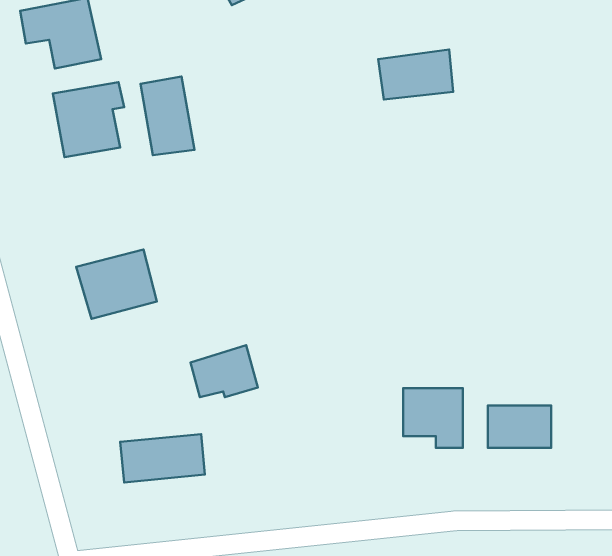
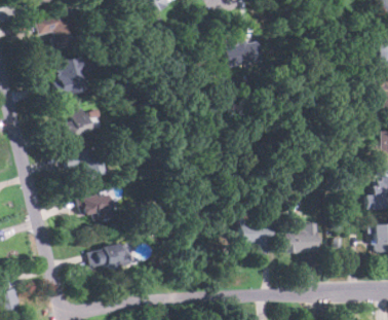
building: [140,76,195,155] -> none
building: none -> [60,109,91,139]
building: [190,345,258,397] -> [78,192,114,220]

